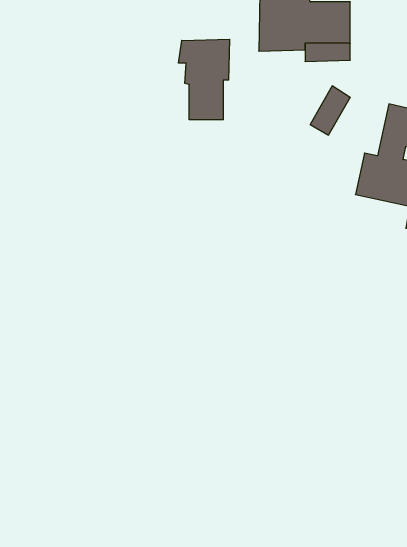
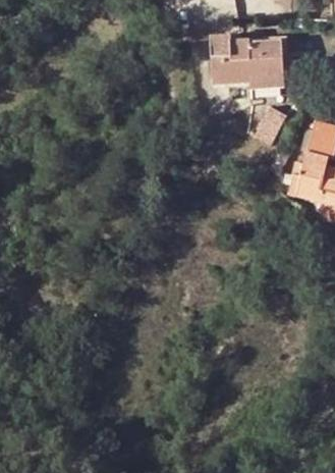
building: [179,39,230,120] -> none

